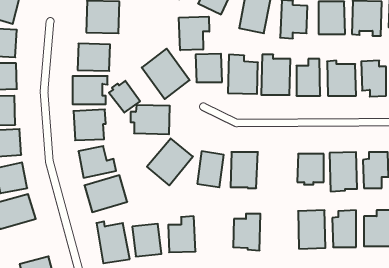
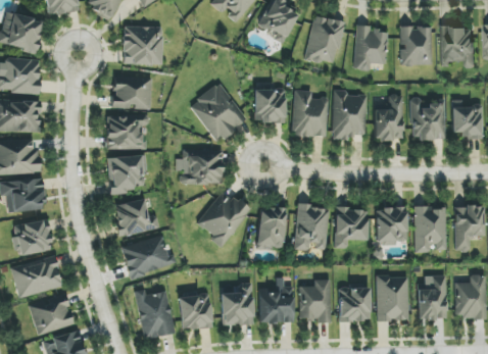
building: [179,17,209,50] -> none
building: [109,81,140,113] -> none
building: none -> [334,208,367,249]
building: none -> [258,286,293,322]
building: none -> [338,288,370,321]
building: none -> [28,294,74,336]

